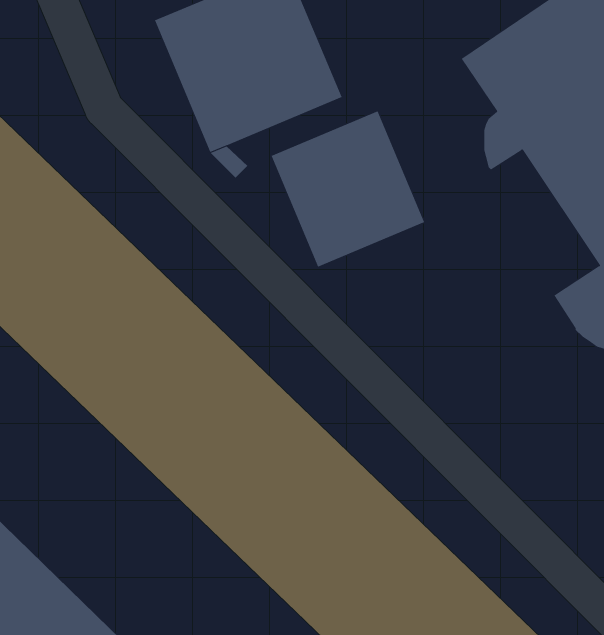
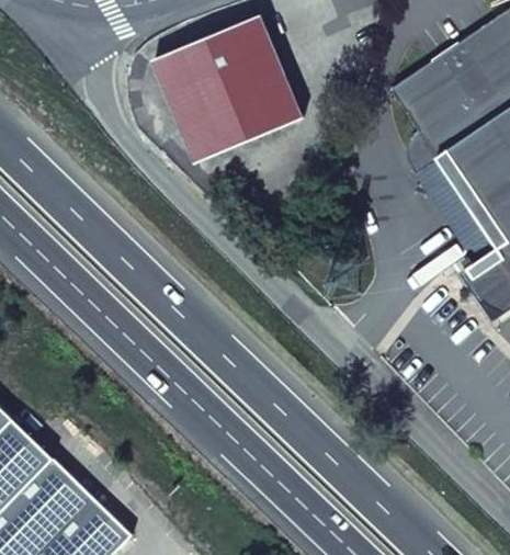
building: [271,111,425,267] -> none

